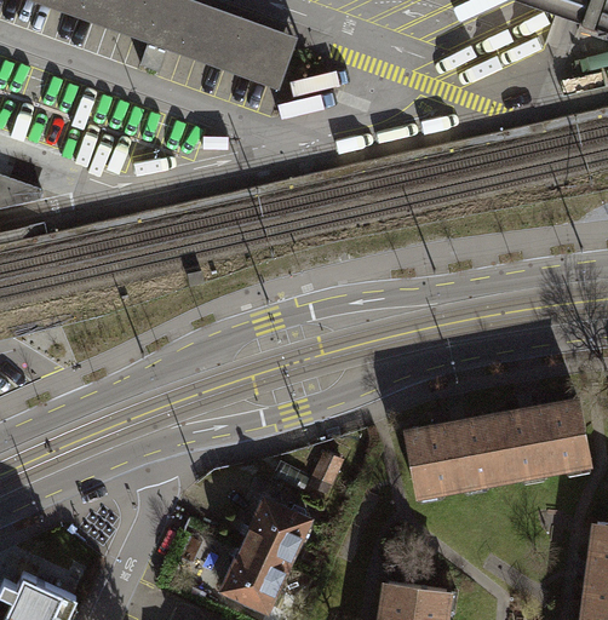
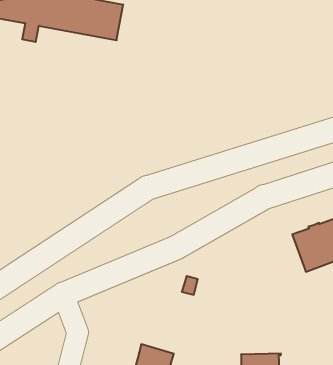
building: [405,417,501,488] -> none
building: [241,498,309,564] -> none

